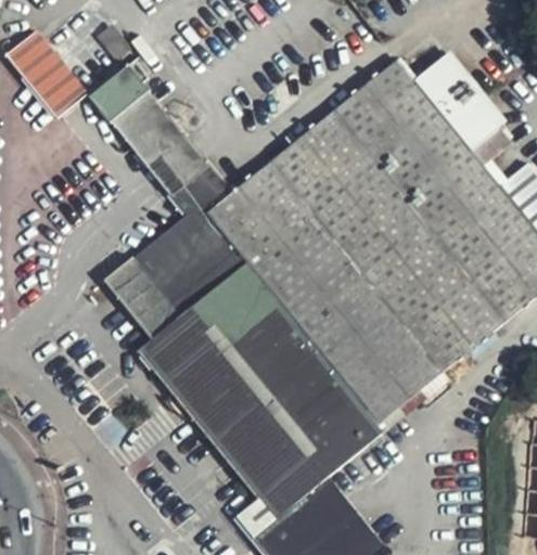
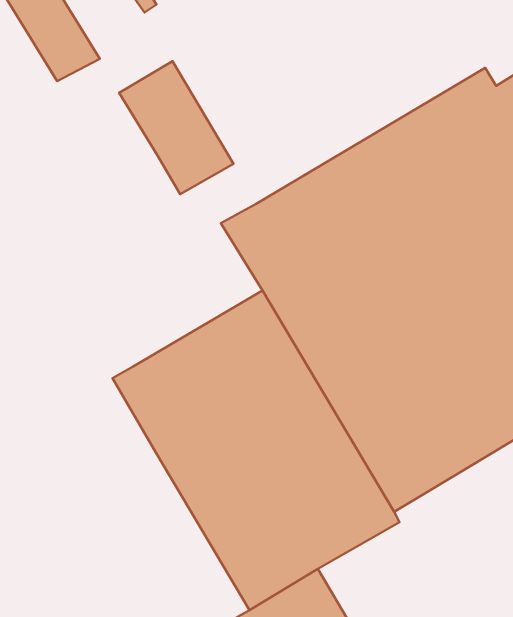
building: [90,64,149,120] -> none
building: [104,164,247,337] -> none

